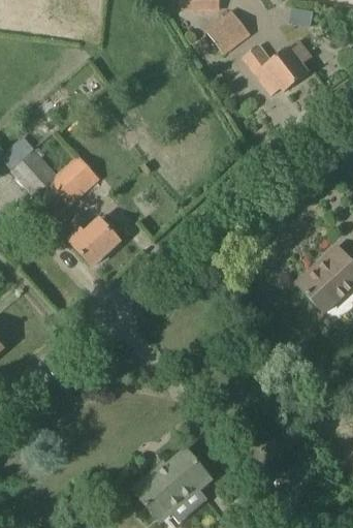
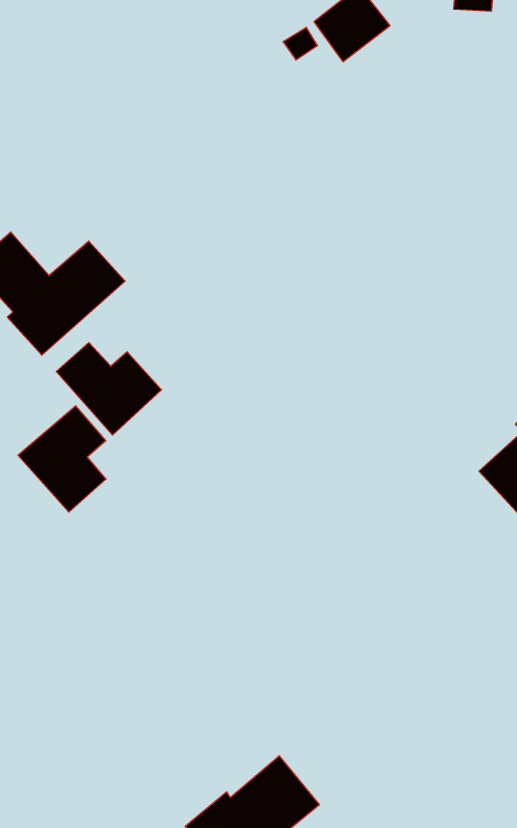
building: [243,39,310,95] -> none
building: none -> [18,406,106,512]

